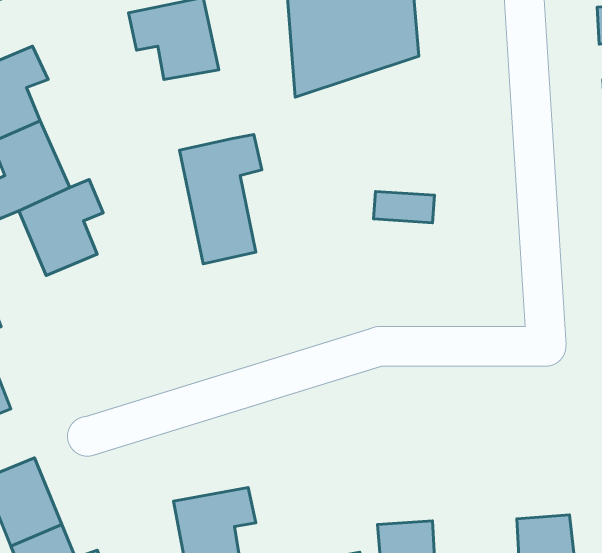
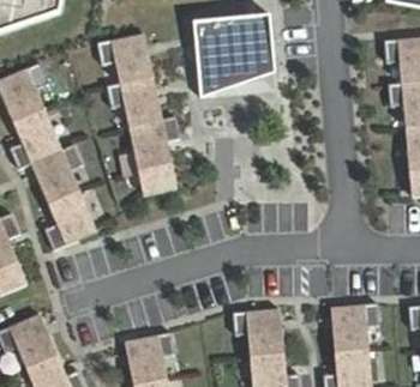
building: none -> [106,77,161,126]
building: none -> [43,189,96,249]
building: none -> [330,303,379,351]
building: none -> [233,308,283,355]

